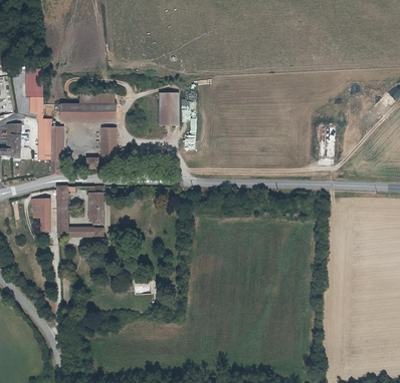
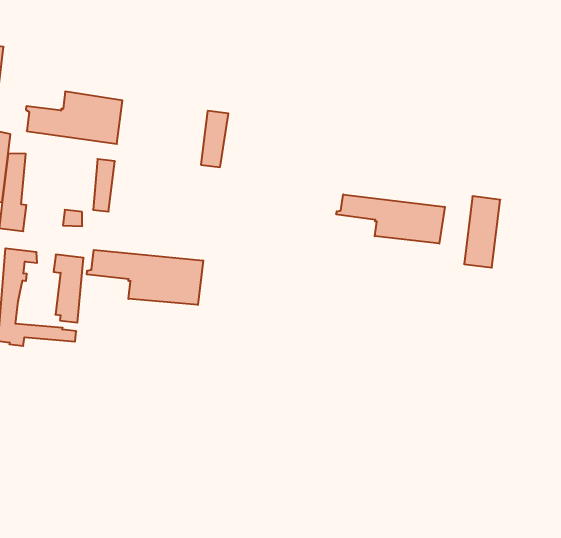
building: none -> [336,194,445,244]
building: none -> [87,250,203,305]

